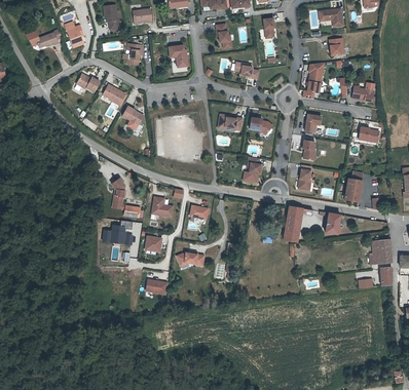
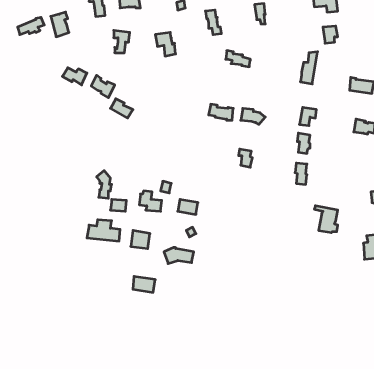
building: [347,169,366,201] -> none
building: [284,205,314,241] -> none

